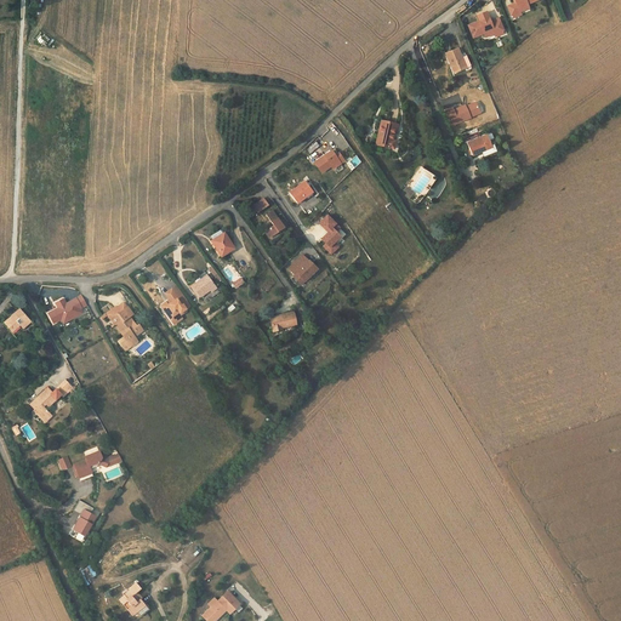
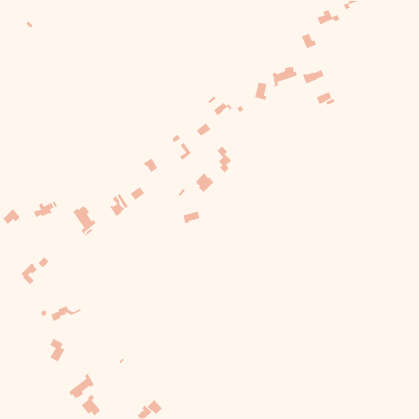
building: none -> [272,66,298,88]
building: none -> [68,372,95,400]

